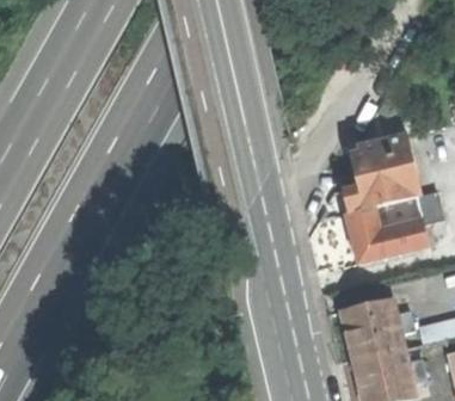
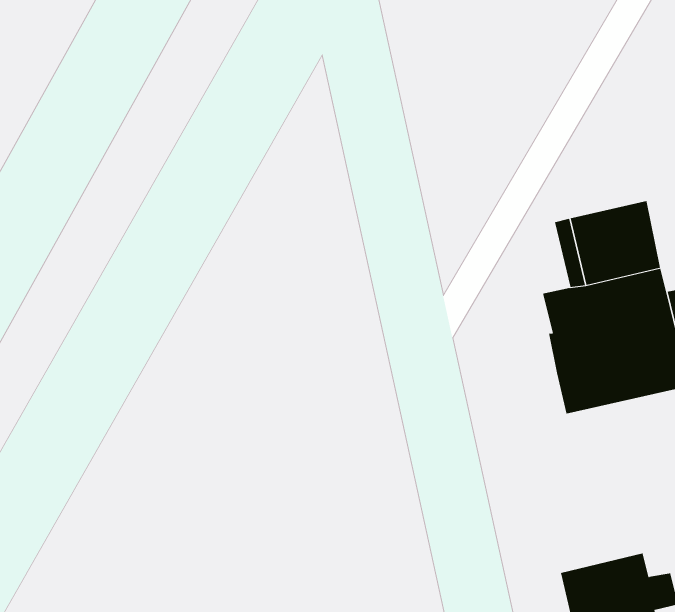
building: [340,298,412,359] -> none

